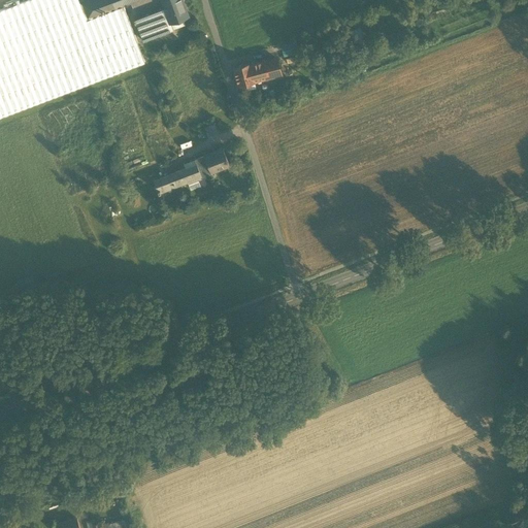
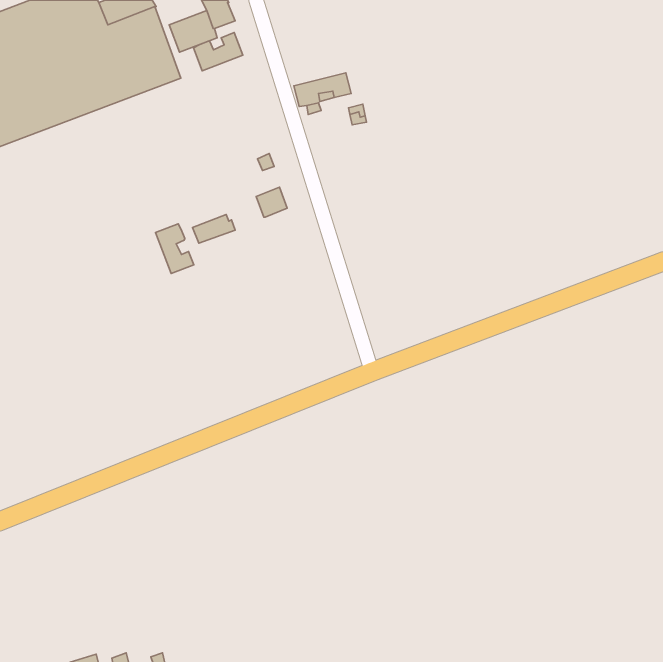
building: none -> [194,32,243,71]
building: [179,158,211,186] -> none
building: none -> [155,224,194,273]

